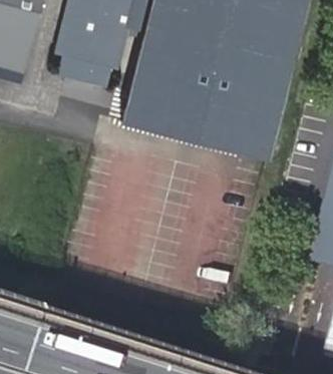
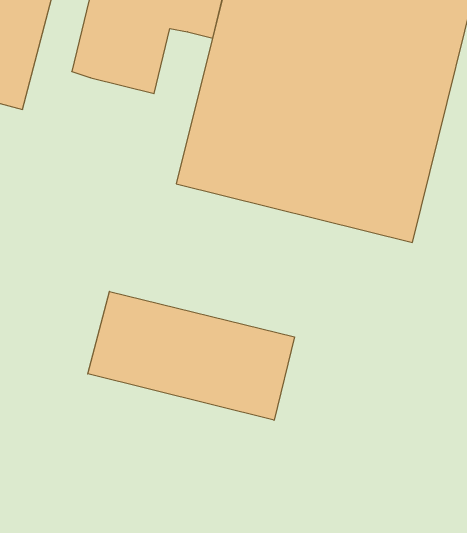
building: [62,24,128,87] -> none
building: none -> [88,291,294,420]

